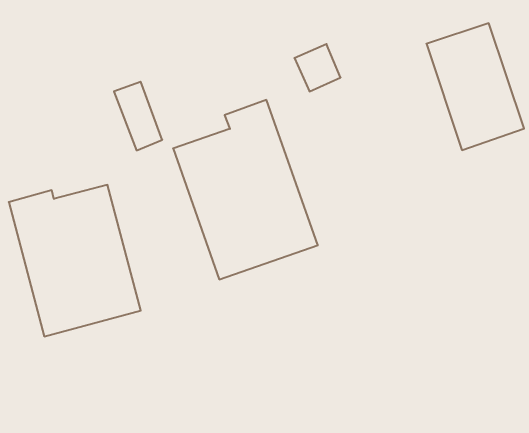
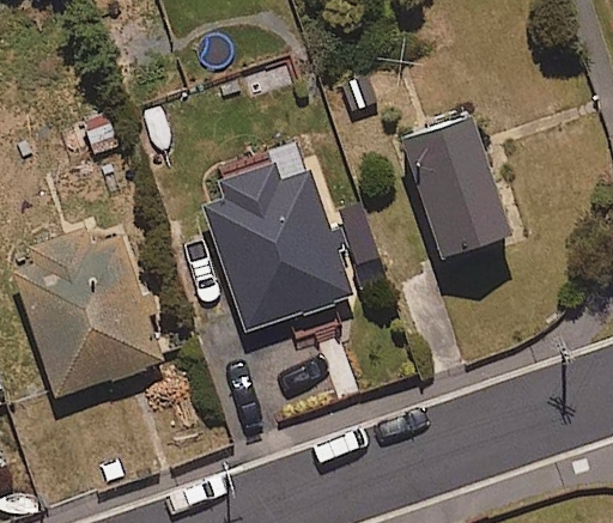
building: [426,23,524,150] -> [407,127,516,268]

